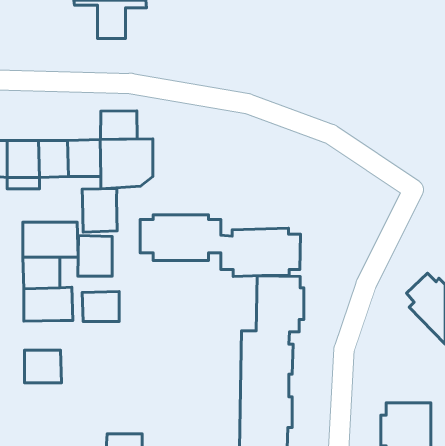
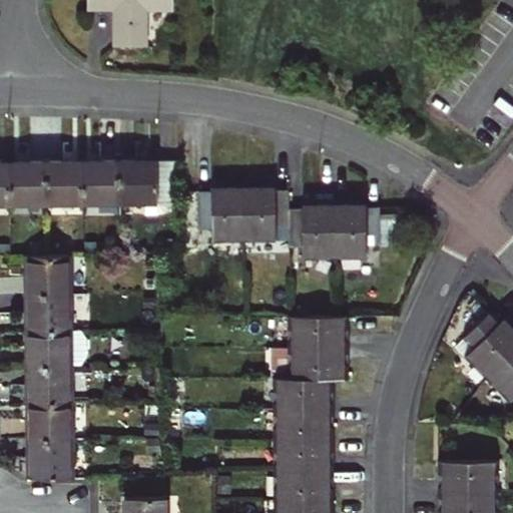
building: [101,111,137,140] -> none
building: [82,188,117,232] -> none
building: [140,215,301,276] -> [194,187,378,258]
building: [78,235,112,276] -> none
building: [82,292,119,321] -> [27,369,69,403]
building: none -> [28,440,70,480]

